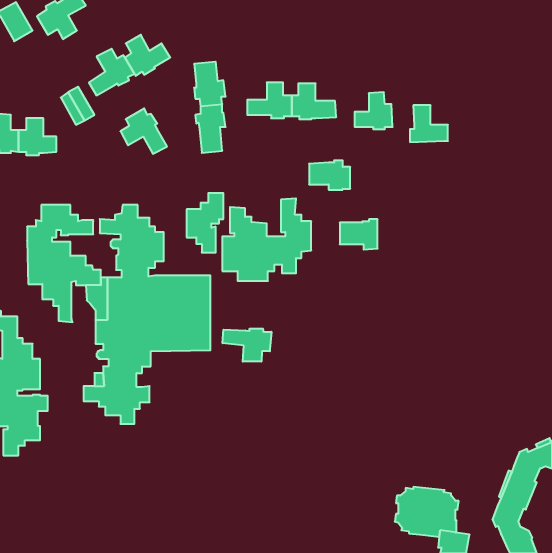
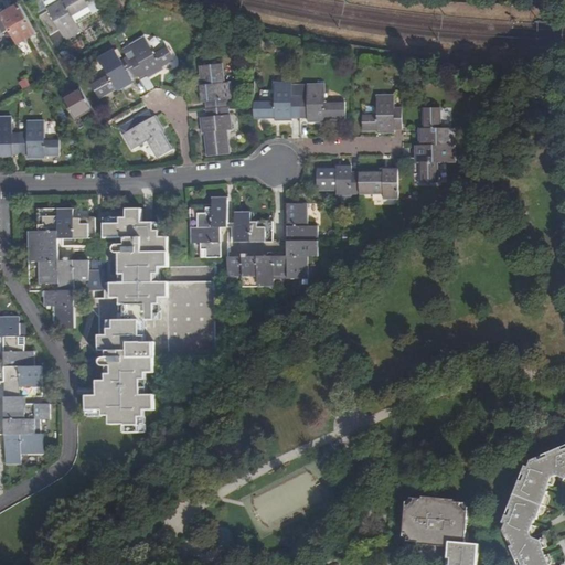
building: none -> [413,143,452,181]
building: [340,219,378,250] -> [356,167,395,198]
building: [223,329,271,362] -> none

